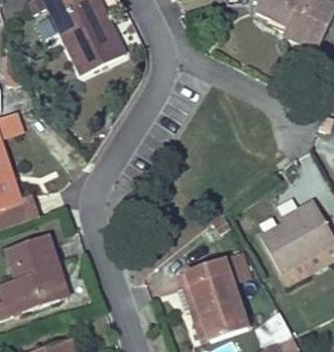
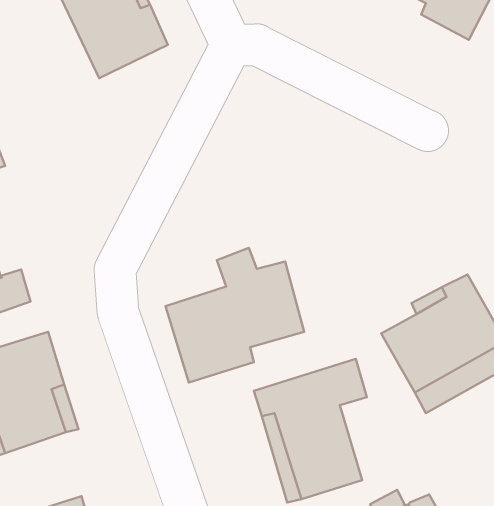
building: none -> [166,248,304,383]

